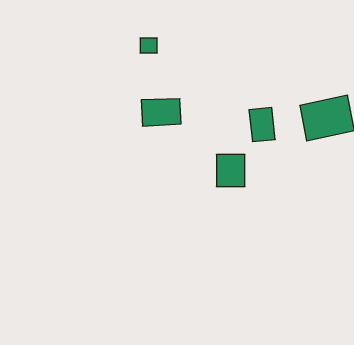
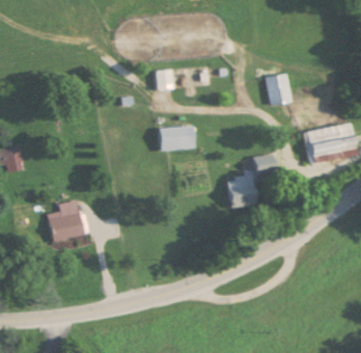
building: [249,107,275,142] -> [267,74,290,105]
building: none -> [50,200,86,240]

